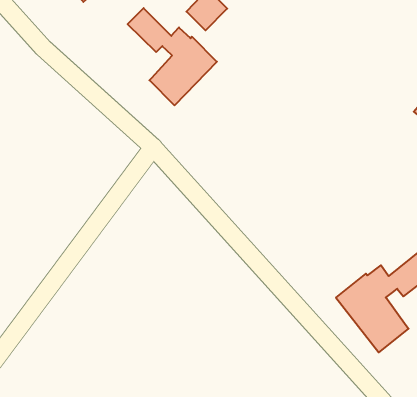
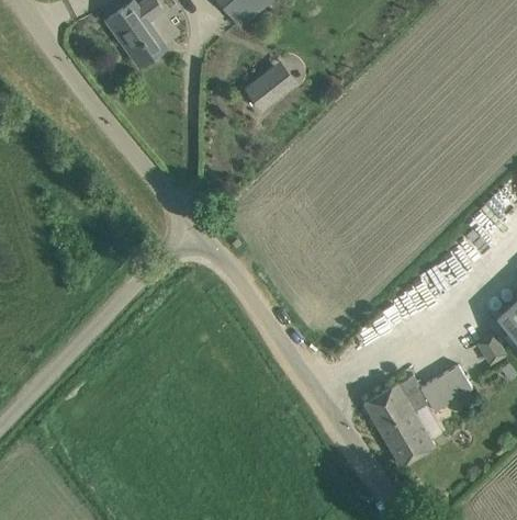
building: [128,8,217,105] -> none

